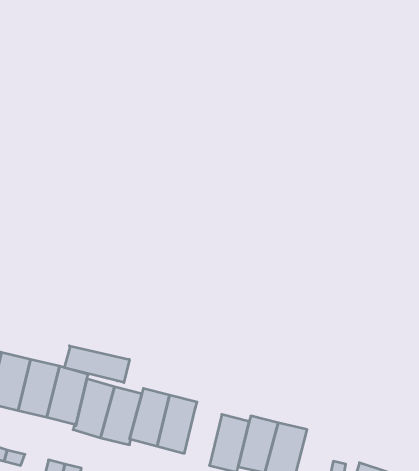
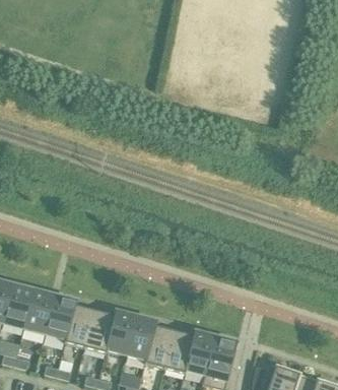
building: [64,346,129,383] -> none
building: none -> [144,324,174,367]

